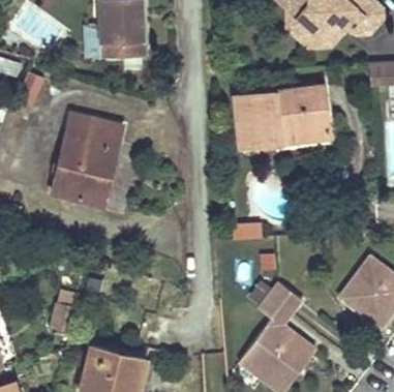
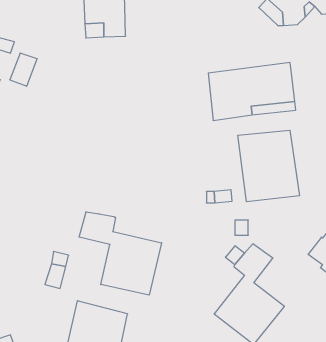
building: [52,114,123,204] -> none
building: none -> [238,130,300,202]
building: none -> [79,212,162,295]

